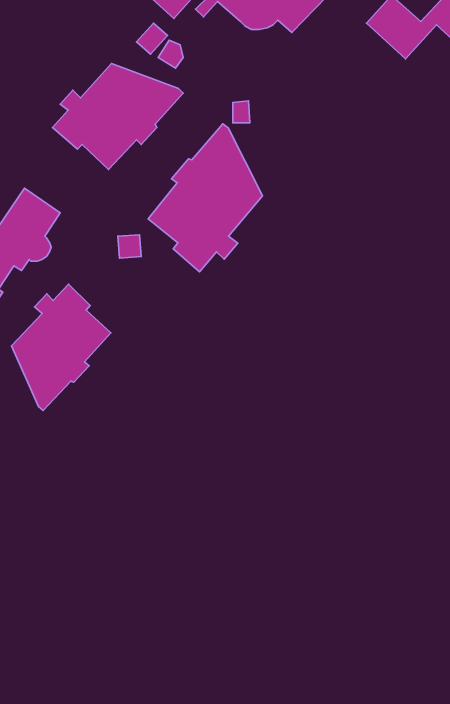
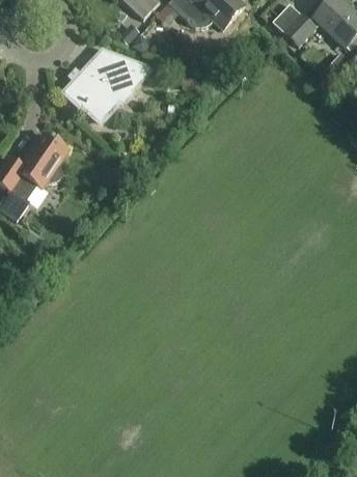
building: [148,124,262,272] -> none
building: [11,284,111,410] -> none

